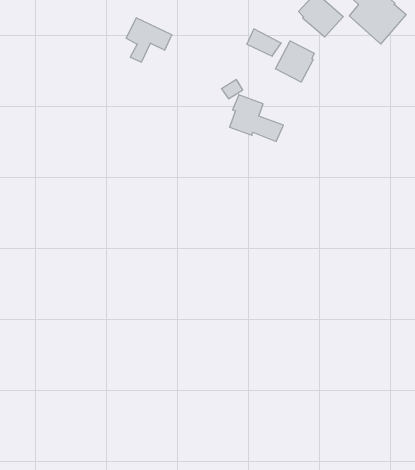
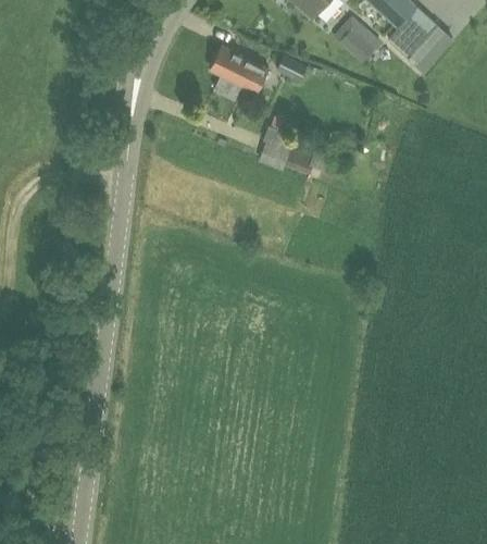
building: [126,18,172,62] -> [212,47,261,95]
building: [275,41,314,82] -> none

